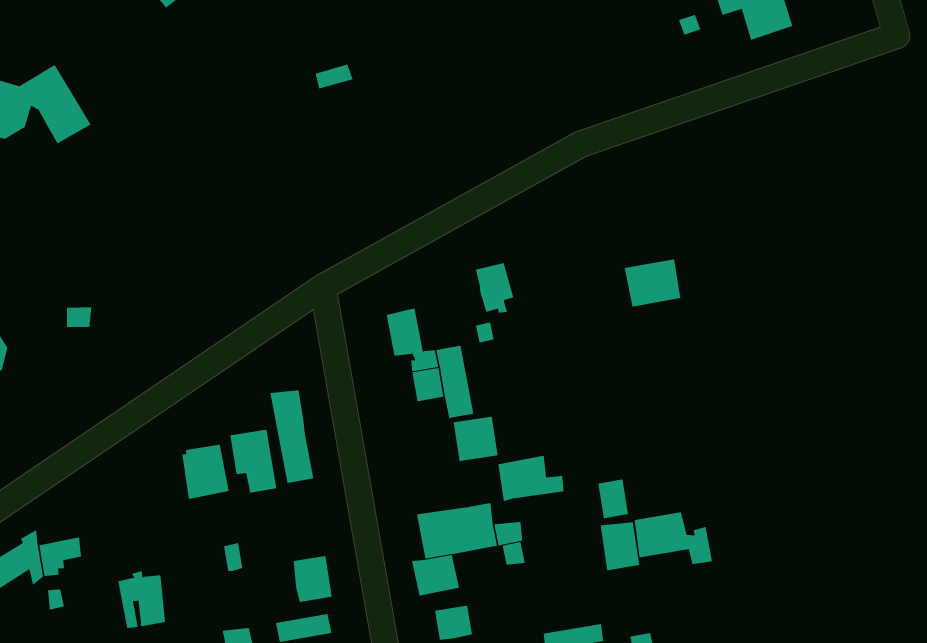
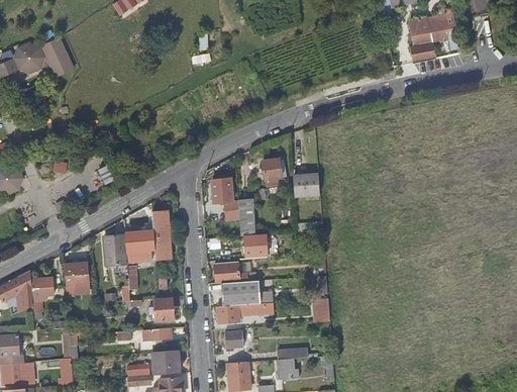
building: [624,259,681,307] -> [293,175,320,197]
building: [497,455,564,502] -> [214,263,246,284]
building: [634,512,712,565] -> none
building: [118,571,166,628] -> [65,260,87,288]

